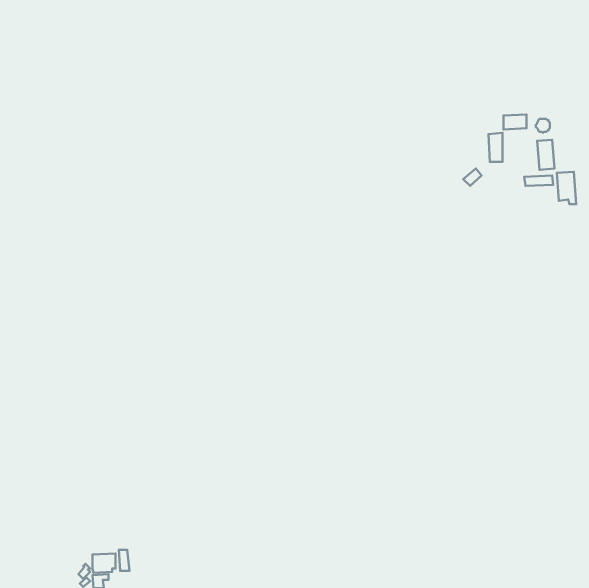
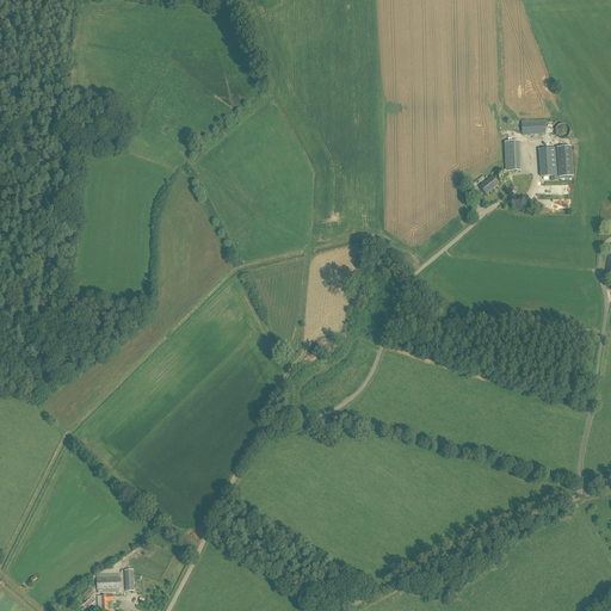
building: [557,172,576,204] -> [537,146,557,179]

